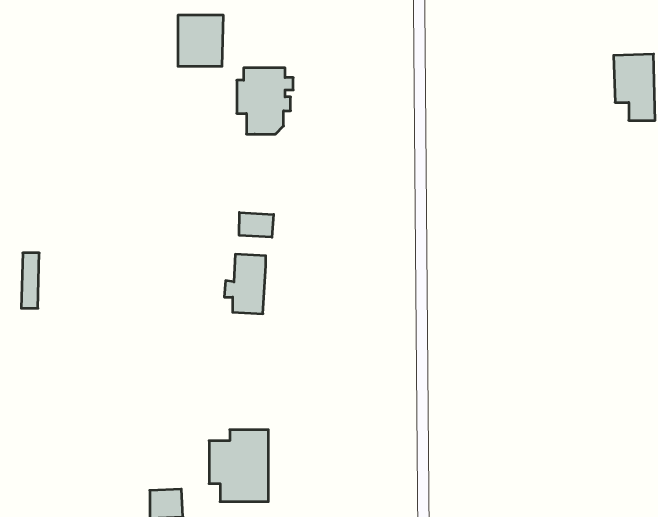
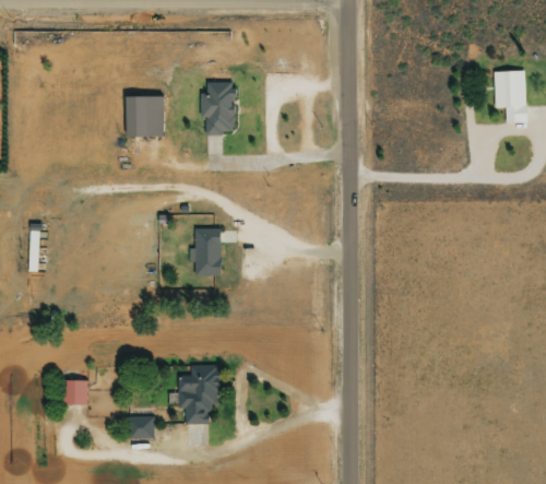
building: [178,15,223,66] -> [128,96,164,137]
building: [239,212,274,237] -> none
building: none -> [61,379,85,405]

